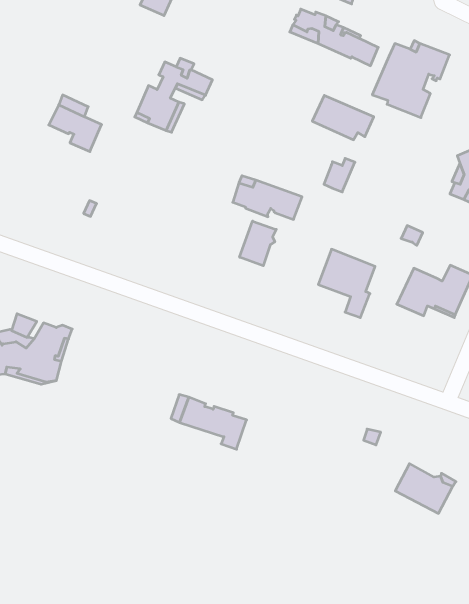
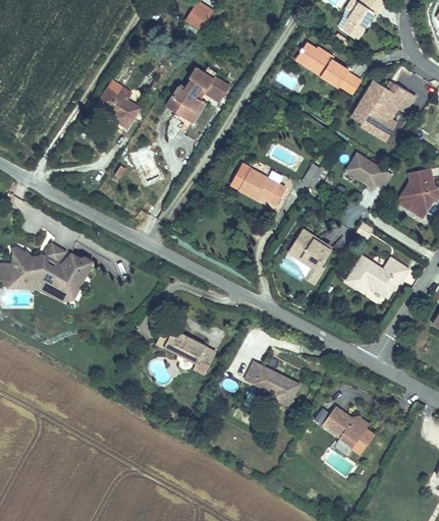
building: [312,95,374,140] -> [344,153,392,190]
building: [240,221,276,266] -> none
building: none -> [248,361,299,405]

